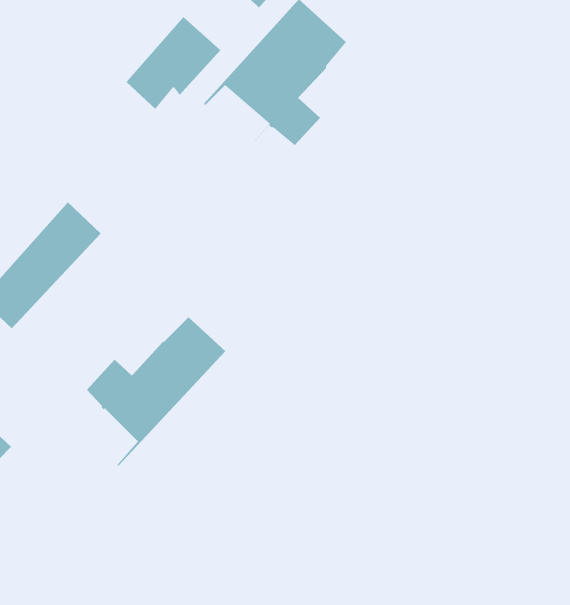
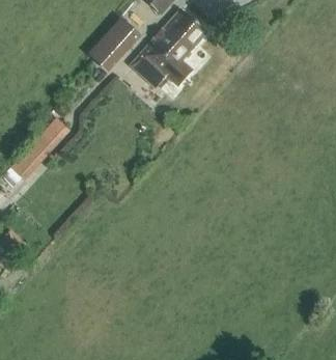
building: [85,316,226,466] -> none

